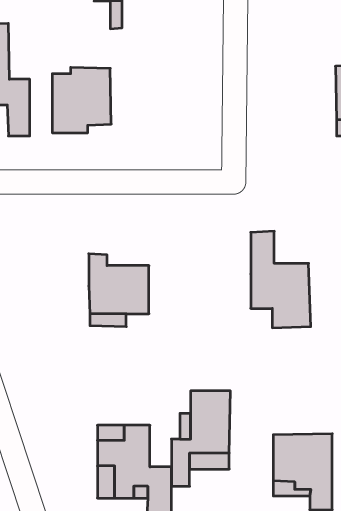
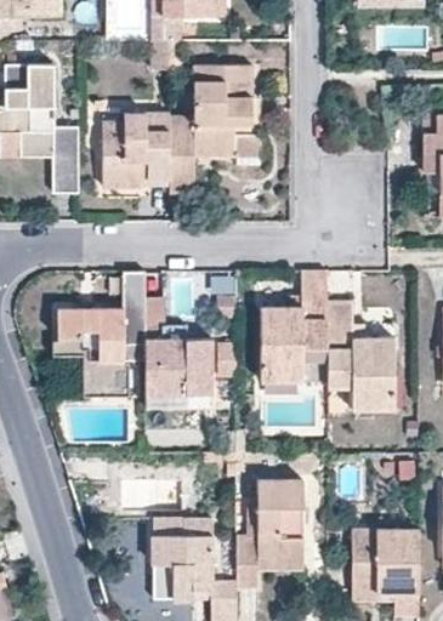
building: none -> [167,65,261,194]
building: none -> [259,270,326,381]
building: none -> [57,272,143,391]

